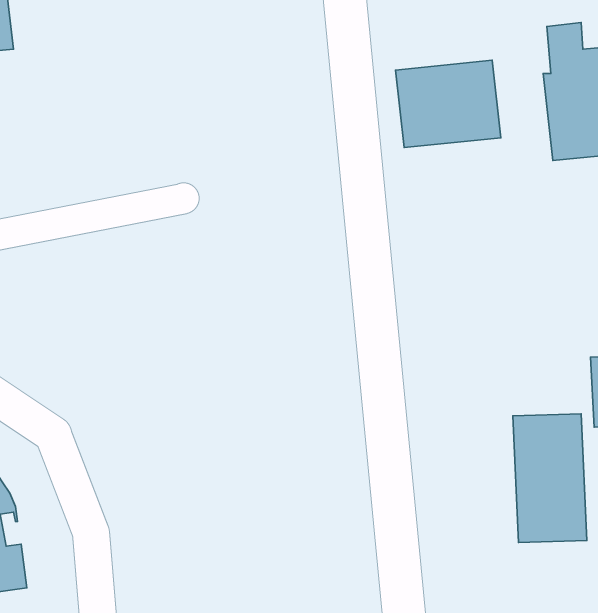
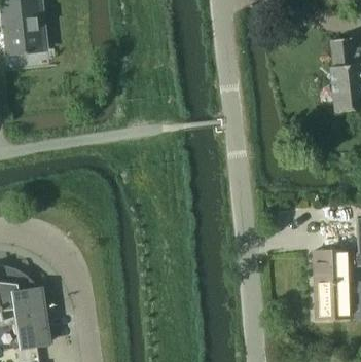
building: [395,60,501,148] -> none

